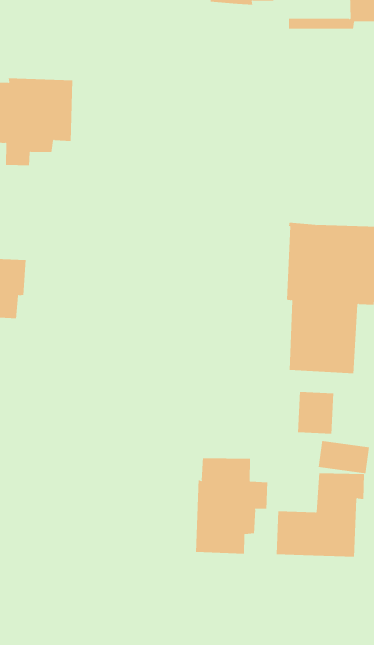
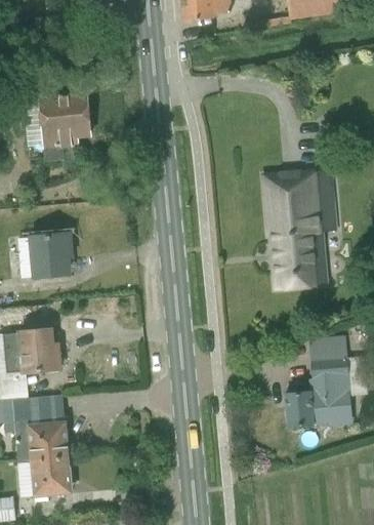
building: [297,391,334,434] -> none
building: [196,457,268,555] -> none

